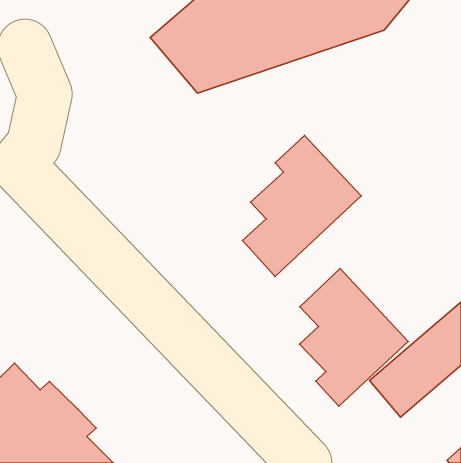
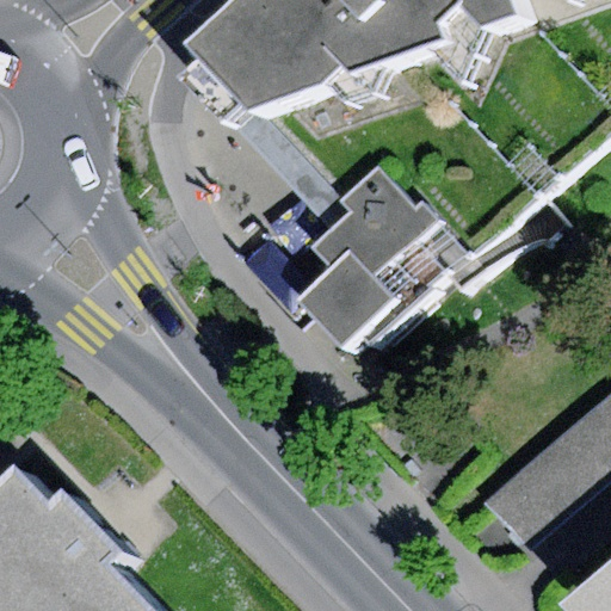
building: [300,268,408,406] -> none

